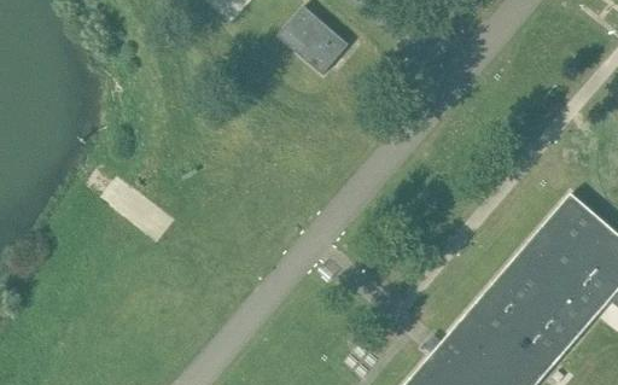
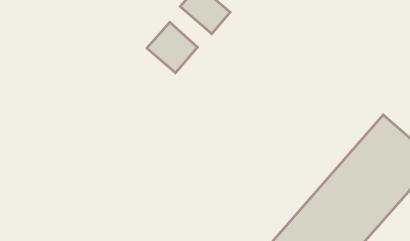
building: none -> [147,22,198,73]

